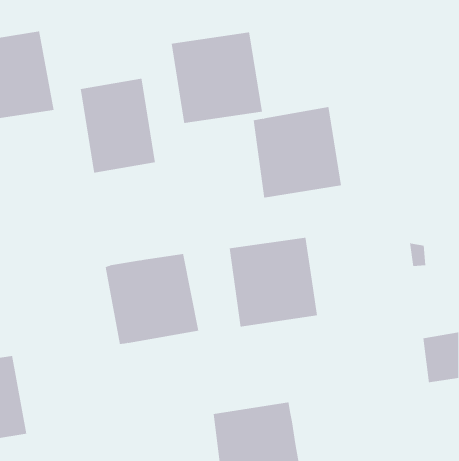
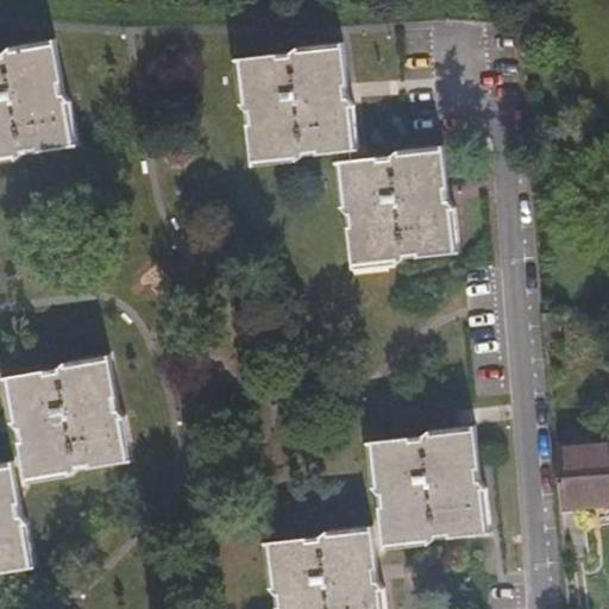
building: [80,78,155,173] -> none
building: [229,237,318,327] -> [376,425,492,542]
building: [105,253,199,344] -> [10,363,133,482]

